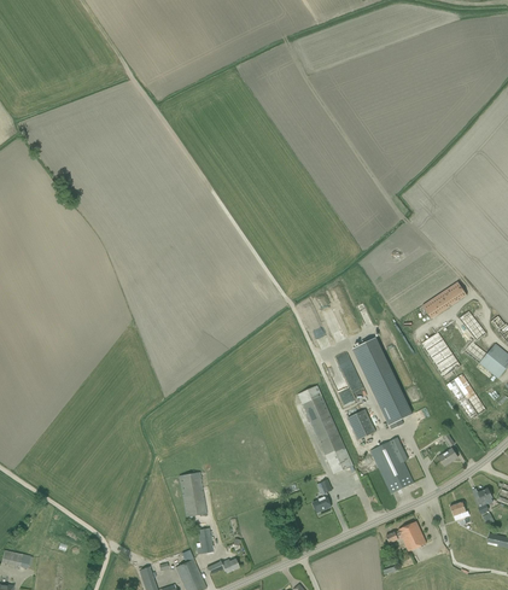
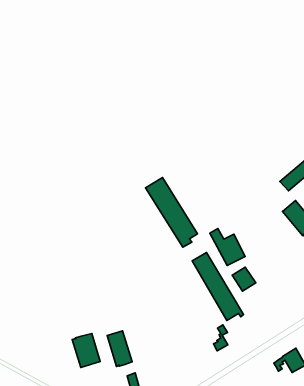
building: [352,337,411,428] -> [146,177,198,247]
building: [370,437,414,492] -> none
building: none -> [72,333,100,367]

